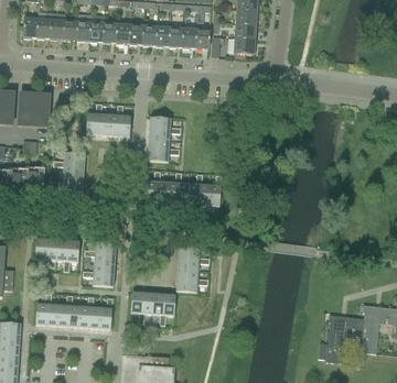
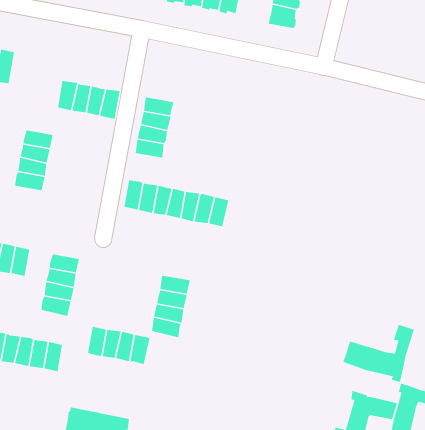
building: none -> [342,324,415,383]

